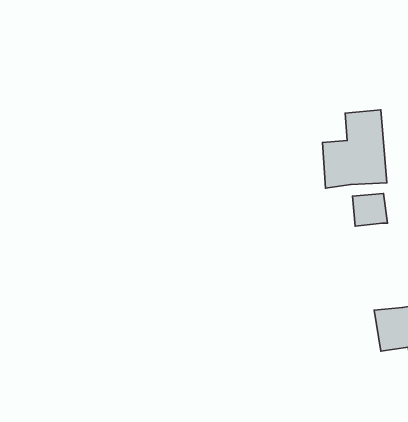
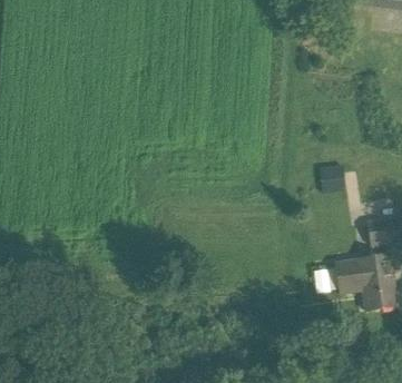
building: [322,110,387,188] -> none

